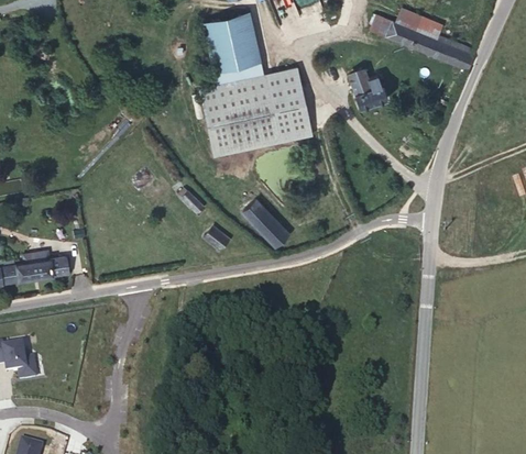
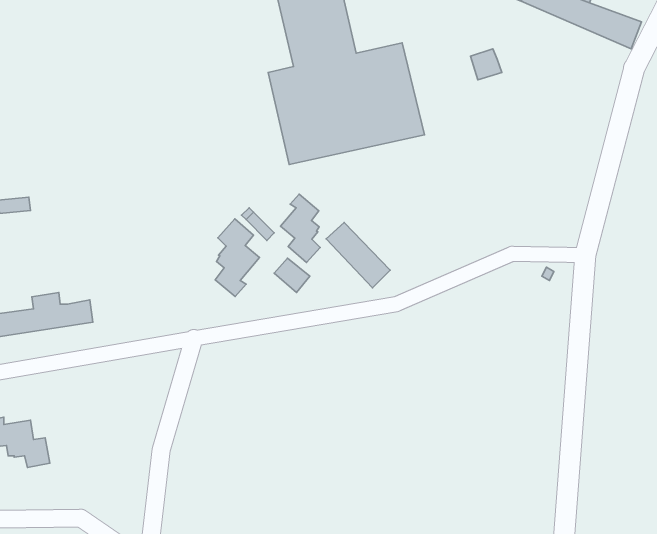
building: [354,75,388,108] -> none
building: none -> [281,194,320,262]
building: none -> [215,219,260,297]

